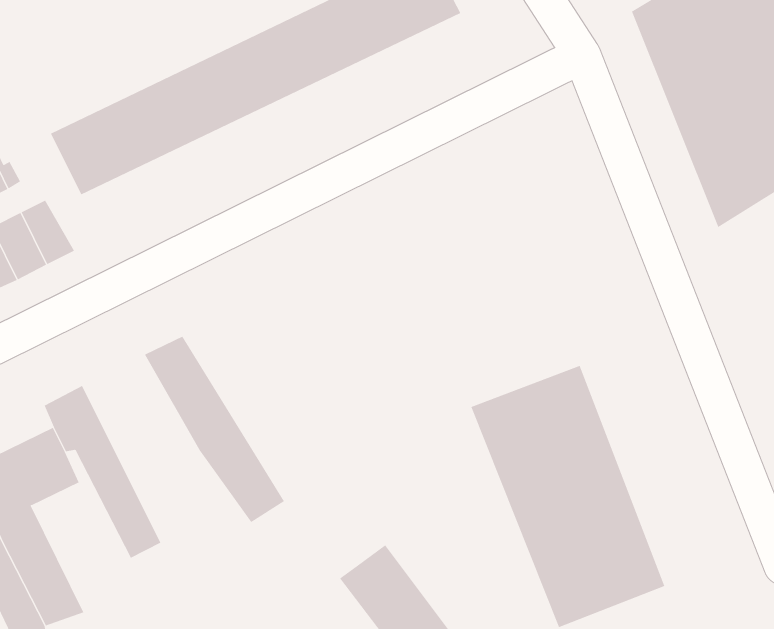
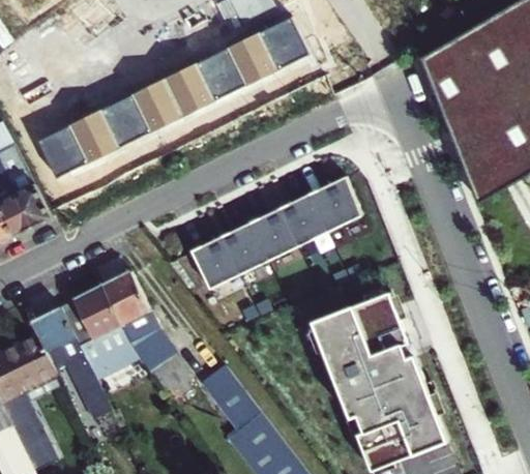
building: none -> [188,176,361,290]
building: none -> [56,287,135,374]
building: none -> [203,368,259,428]

